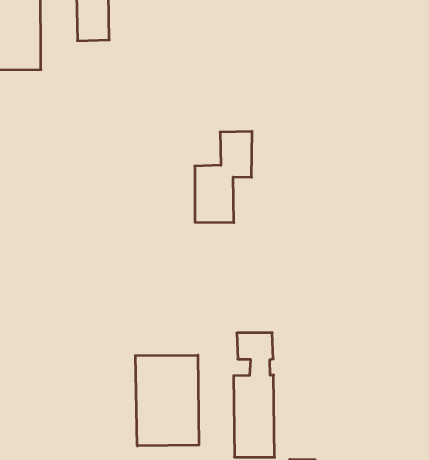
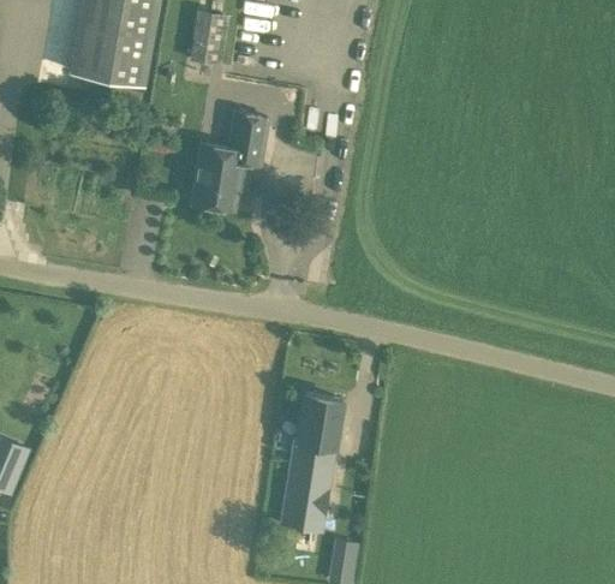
building: [195,131,252,223] -> [191,115,267,213]
building: [135,355,199,446] -> none

